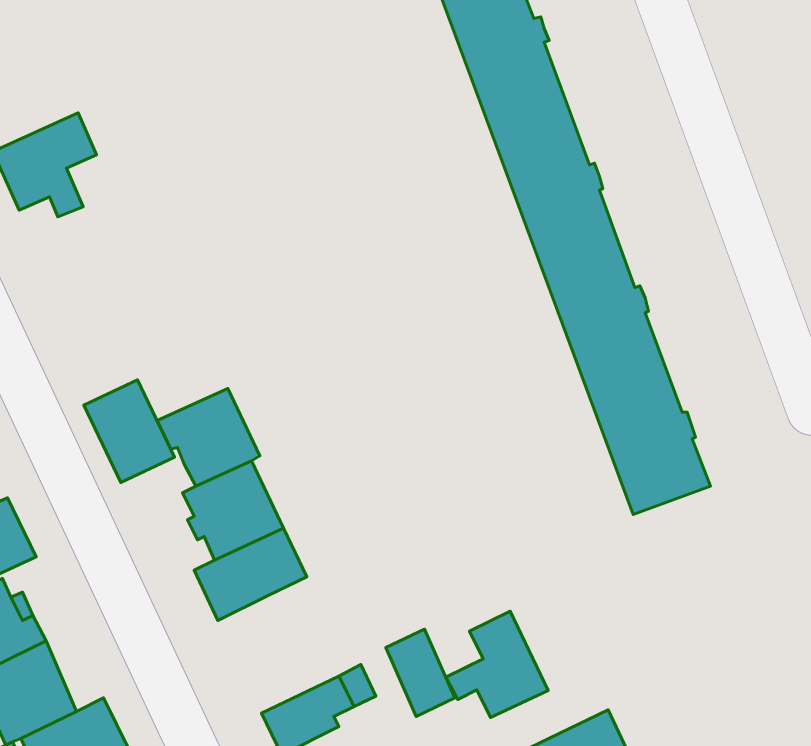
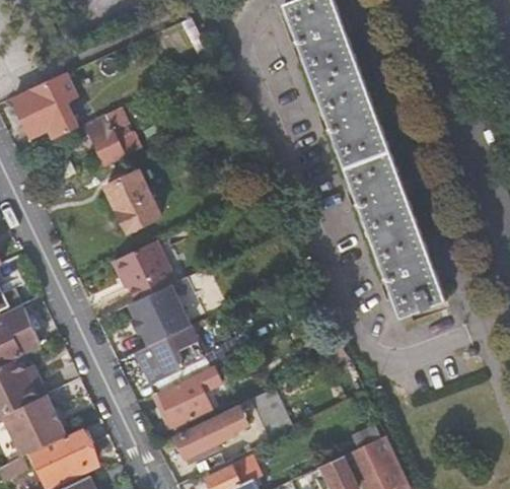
building: none -> [84,108,141,164]
building: [84,380,175,482] -> [104,169,159,231]
building: none -> [157,375,209,426]
building: [446,611,548,718] -> none

